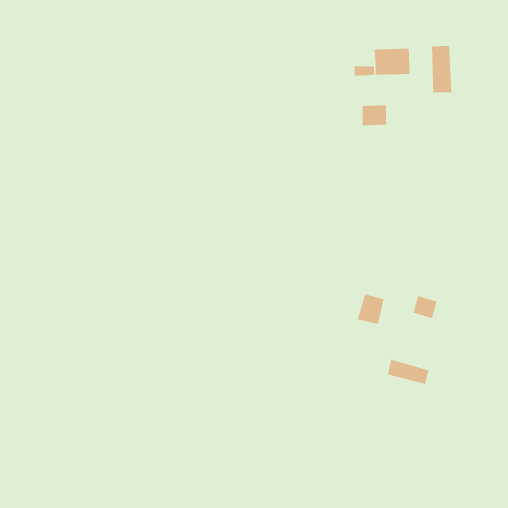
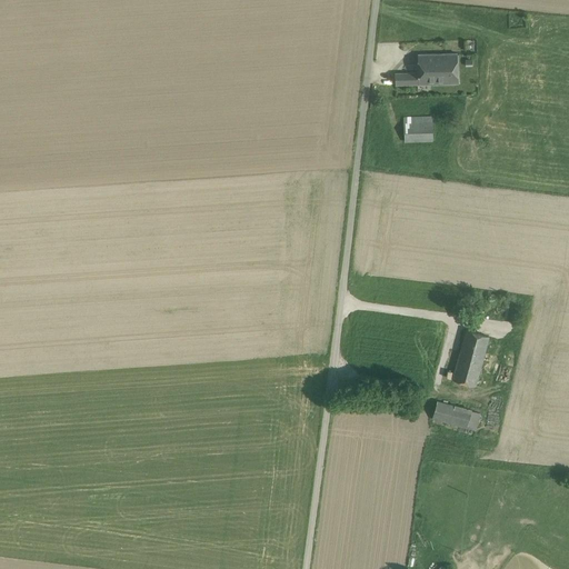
building: [431,45,452,93] -> none
building: [357,293,385,325] -> [452,350,483,386]

